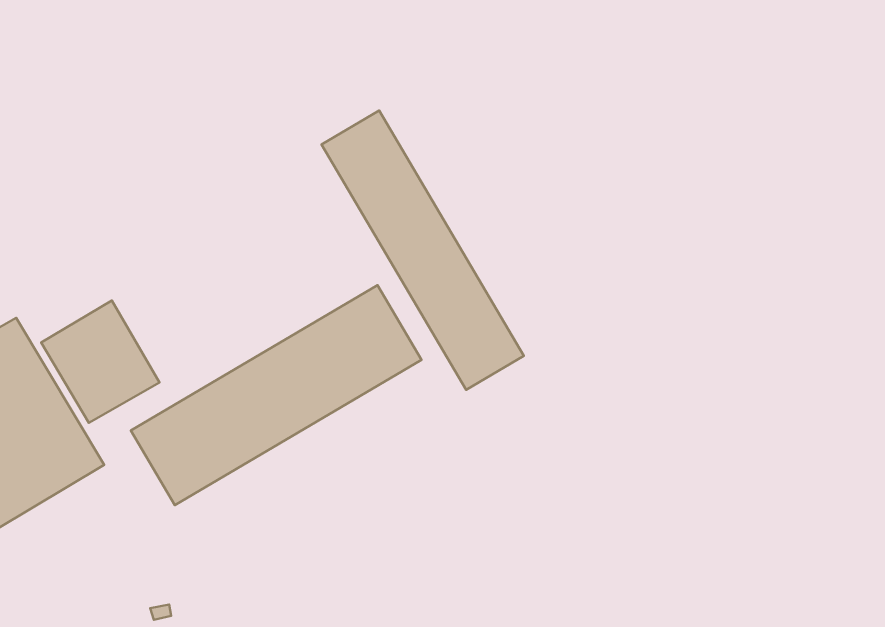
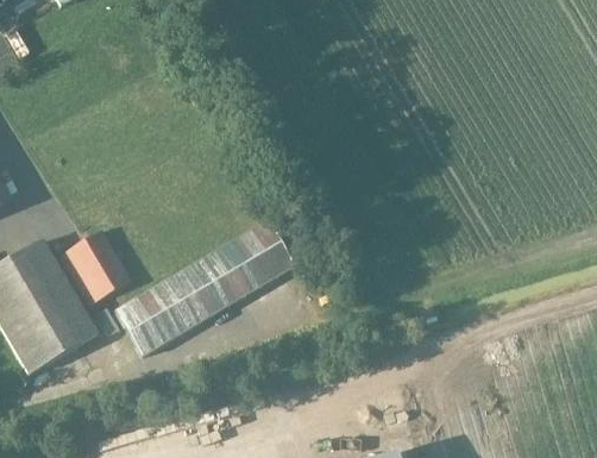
building: [322,111,524,390] -> none

